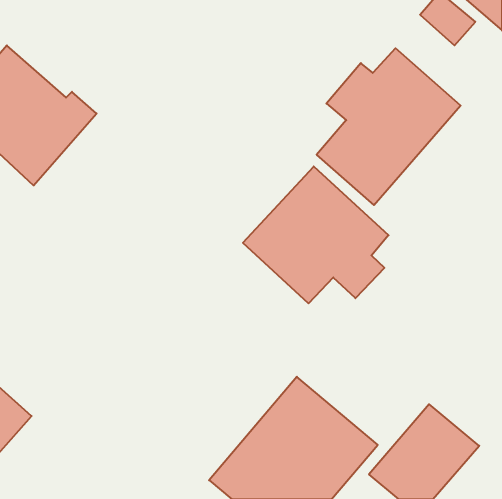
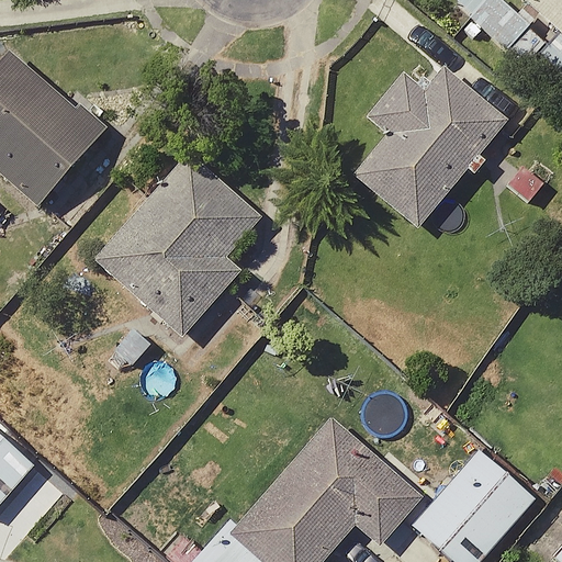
building: none -> [93,155,261,337]
building: [243,166,389,303] -> none

